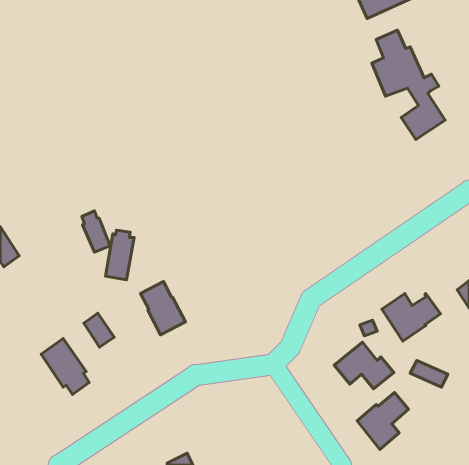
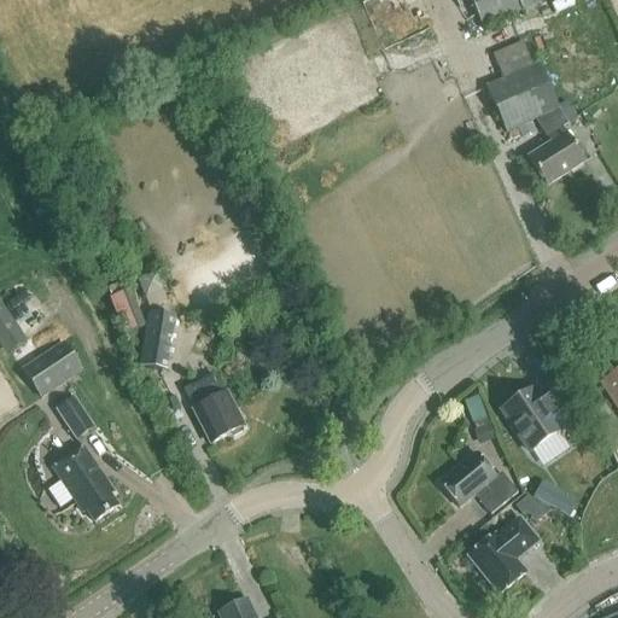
building: none -> [22,338,83,396]
building: [84,313,114,347] -> [56,393,95,438]

